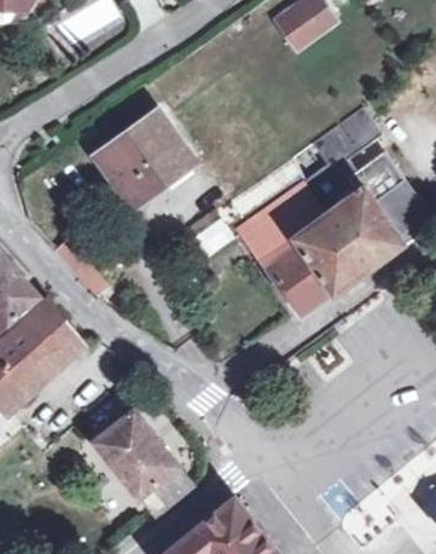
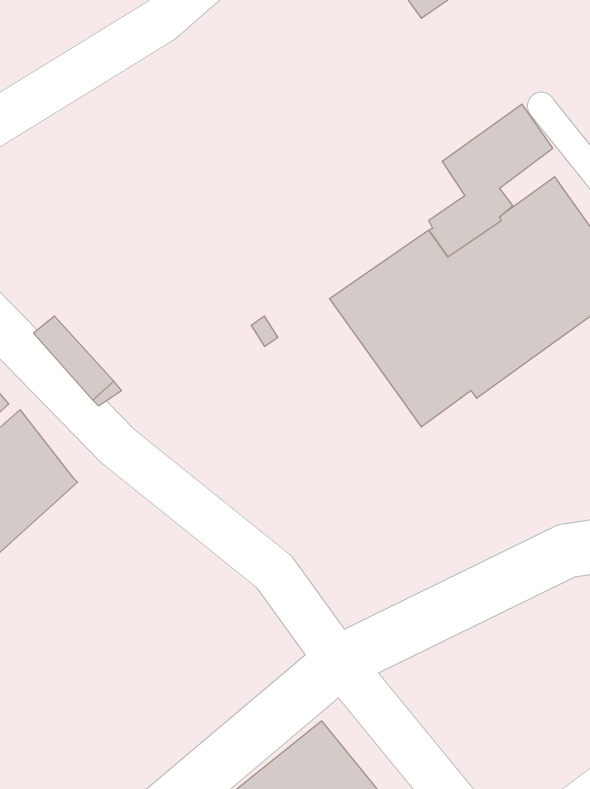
building: [95,112,190,204] -> none
building: [95,412,193,518] -> none

